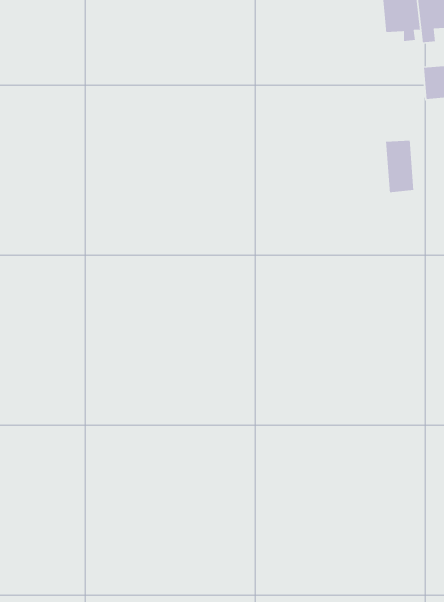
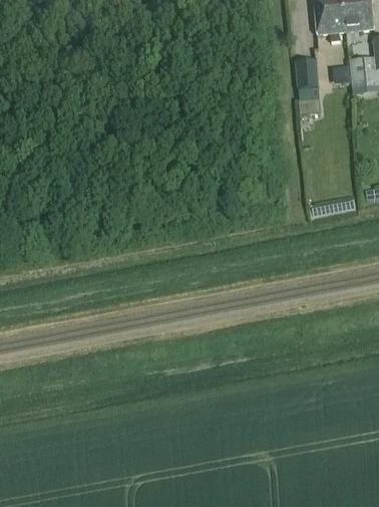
building: [385,140,414,193] -> [296,56,319,98]

